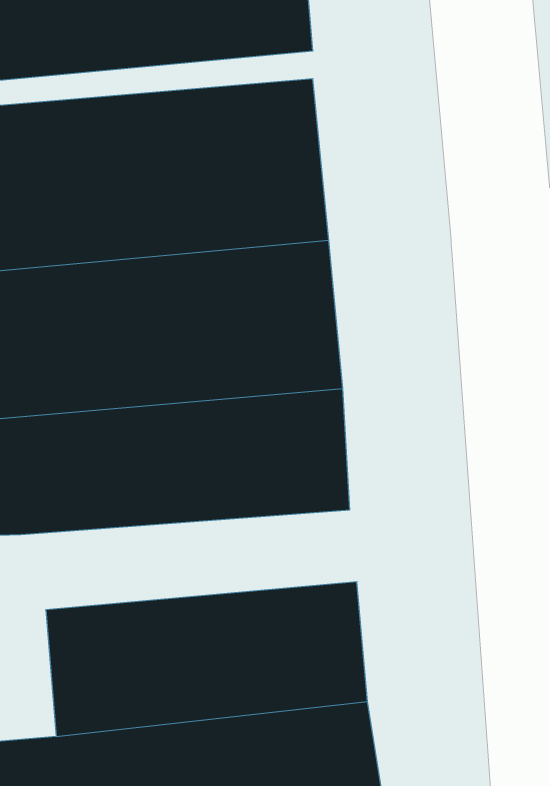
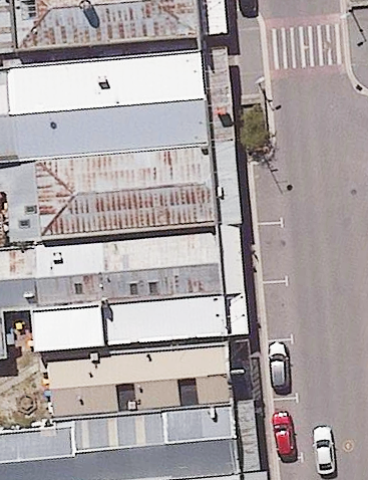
building: none -> [33,296,225,353]

